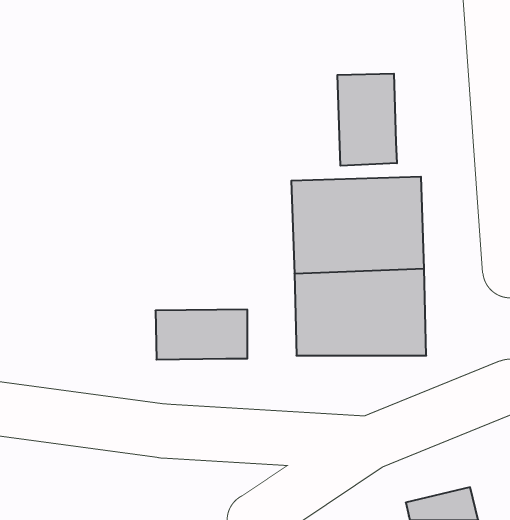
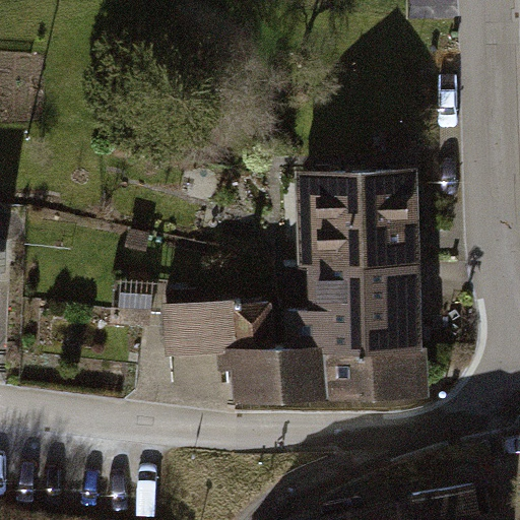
building: [337,74,397,166] -> none
building: none -> [224,353,424,403]

